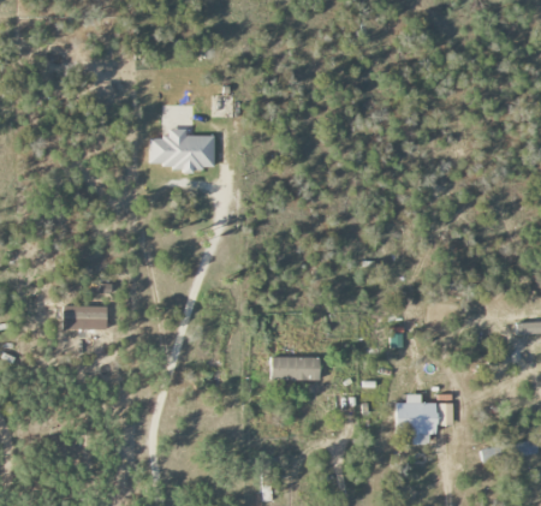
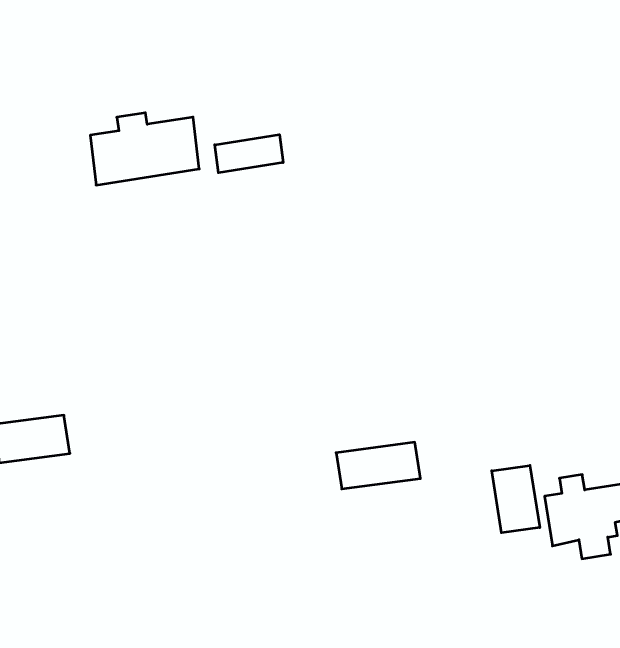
building: none -> [215,135,283,173]
building: none -> [492,465,540,533]

